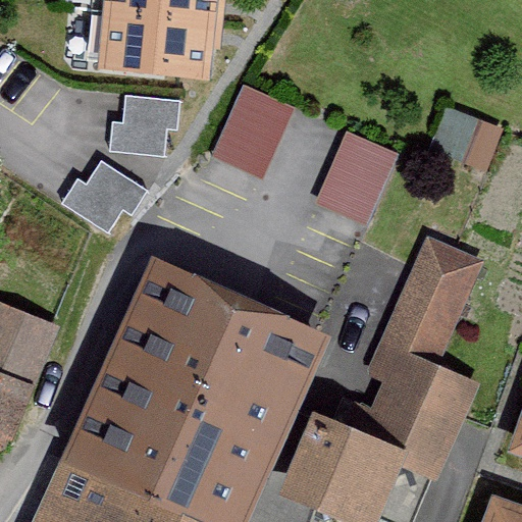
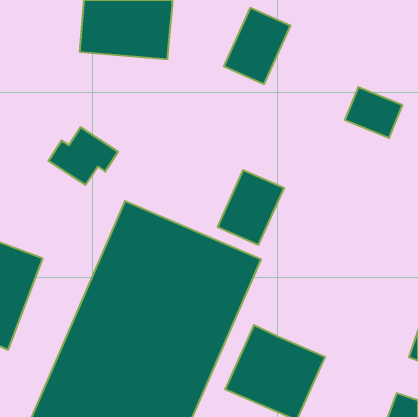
building: [209,86,292,180] -> [224,8,290,84]
building: [108,96,179,156] -> none
building: [314,132,397,224] -> [218,170,284,245]
building: [345,239,481,482] -> none

